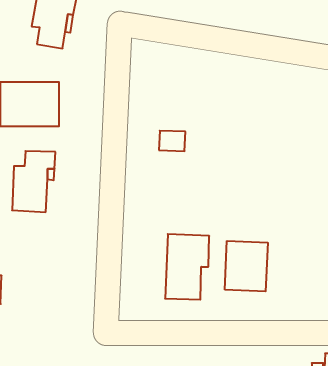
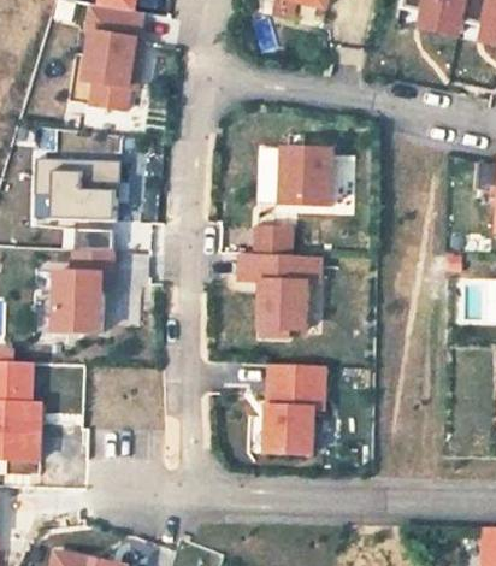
building: none -> [279,149,331,208]
building: none -> [235,253,324,337]
building: [225,241,268,291] -> none

